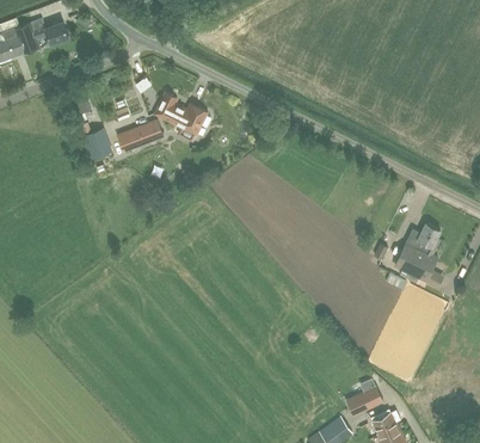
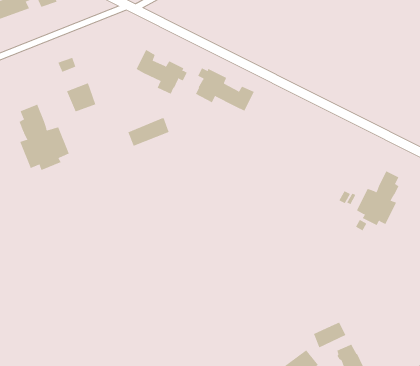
building: none -> [195,68,254,111]
building: [117,119,162,150] -> [128,118,170,146]
building: none -> [19,104,69,171]

